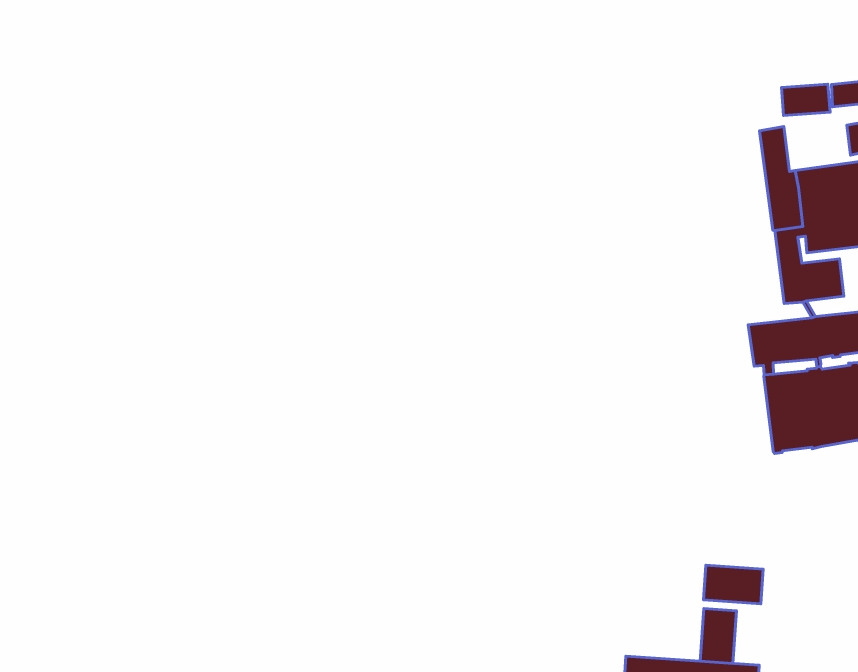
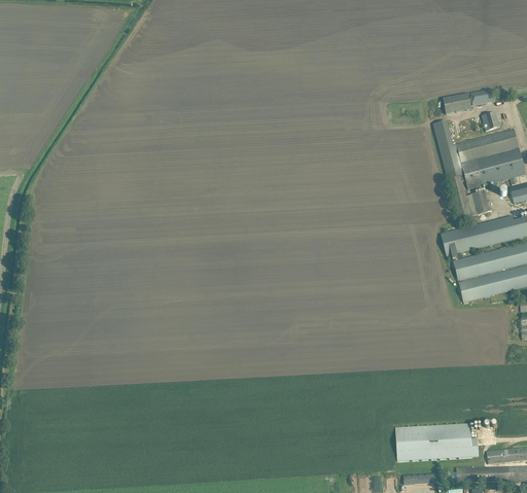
building: [703,565,763,604] -> none
building: [700,609,736,663] -> none

